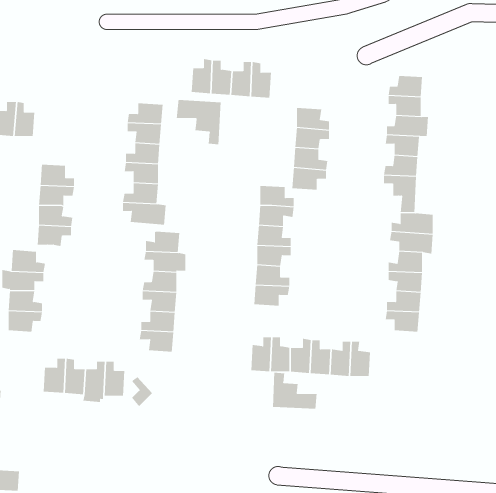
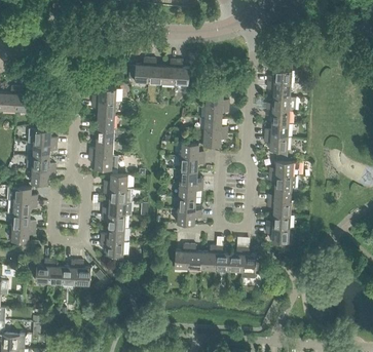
building: [176,99,221,145] -> none
building: [272,372,317,409] -> none

